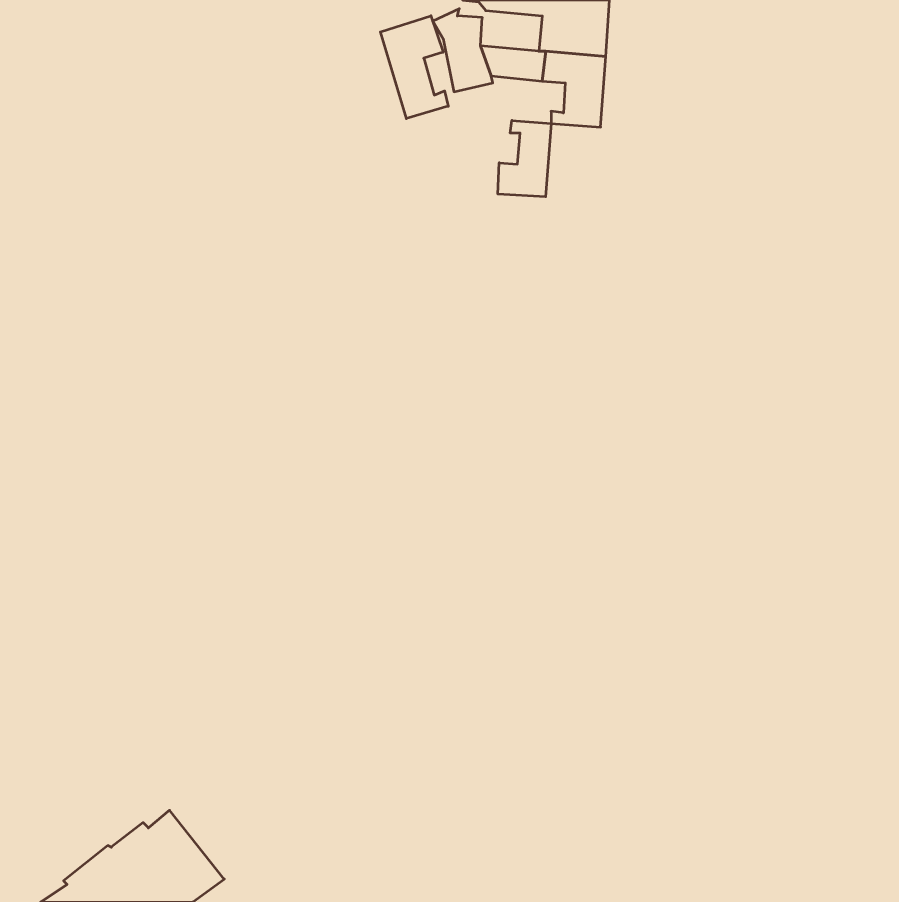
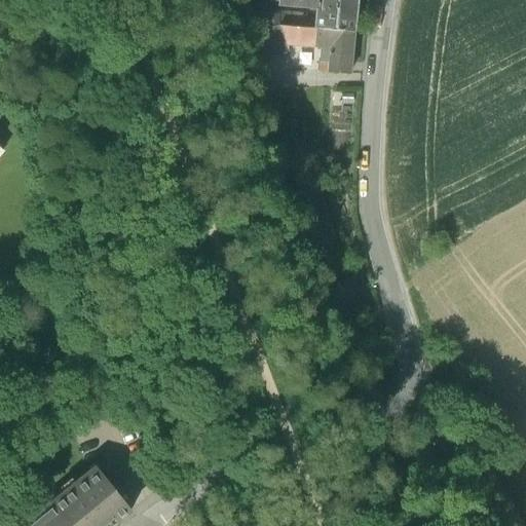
building: [380,16,448,119] -> none
building: [498,120,551,197] -> none

